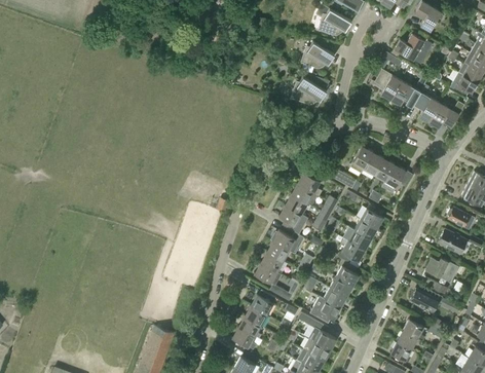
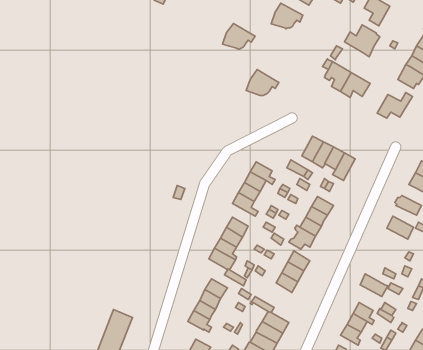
building: [301,42,335,69] -> [223,23,255,49]
building: [413,92,440,123] -> none
building: [425,259,458,282] -> none
building: [310,297,340,324] -> none

